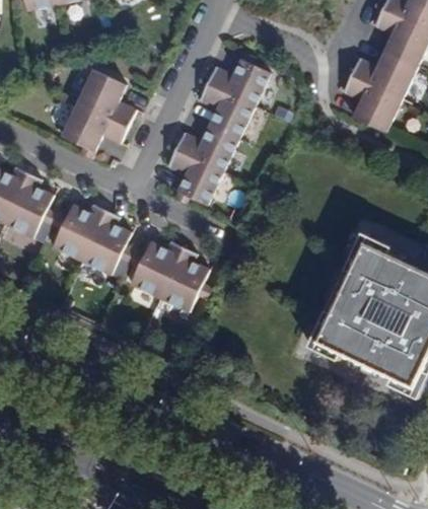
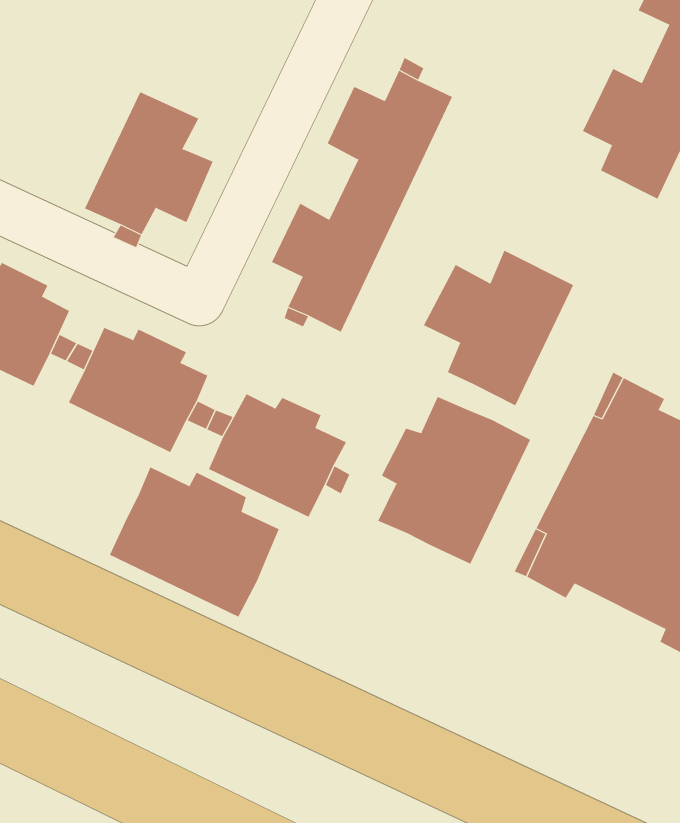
building: none -> [423,250,574,406]
building: none -> [377,396,531,565]
building: none -> [109,466,279,618]

